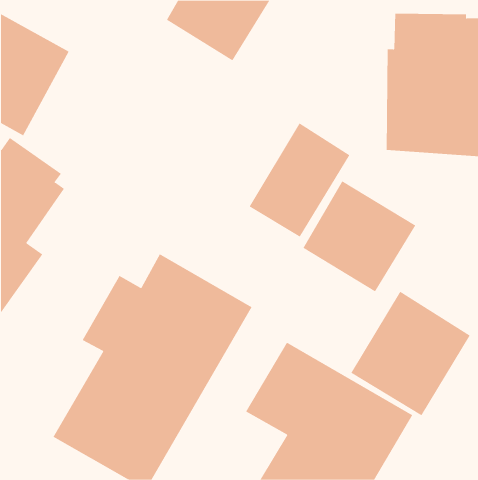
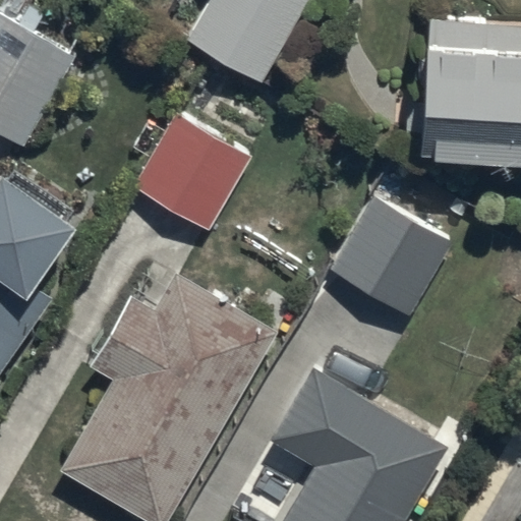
building: none -> [134,116,251,230]
building: [249,123,350,238] -> none
building: [351,291,471,416] -> none

